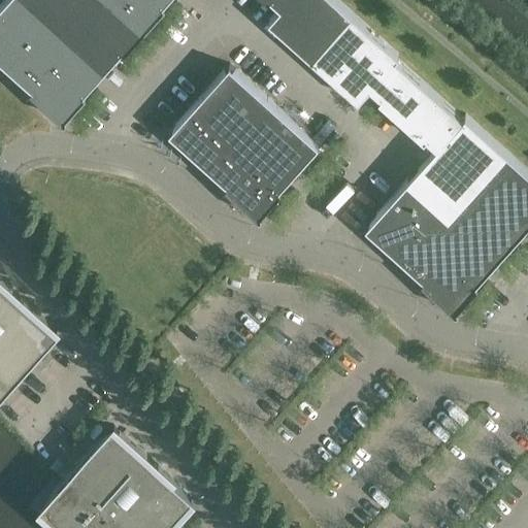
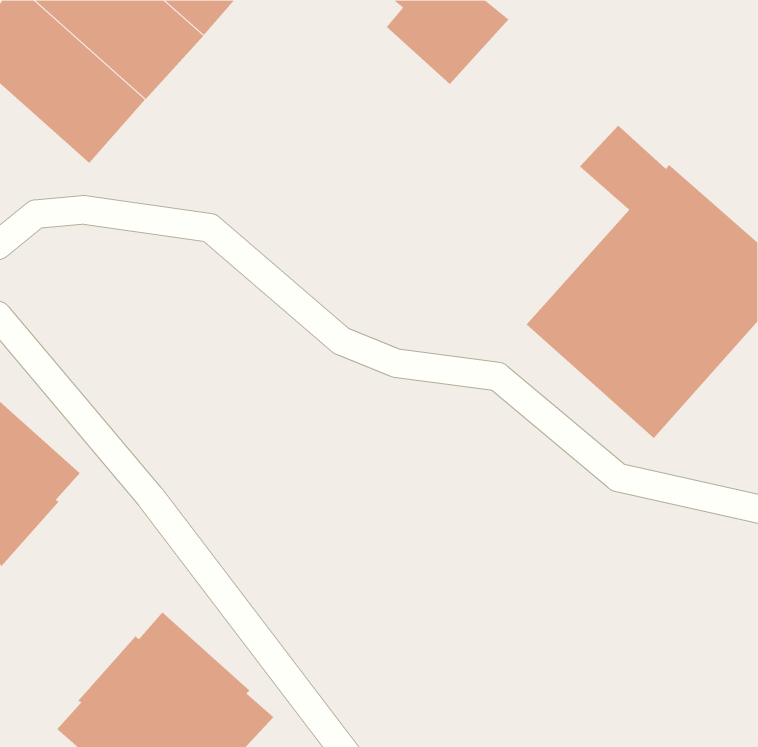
building: [311,23,428,125] -> none
building: [167,71,318,219] -> none

